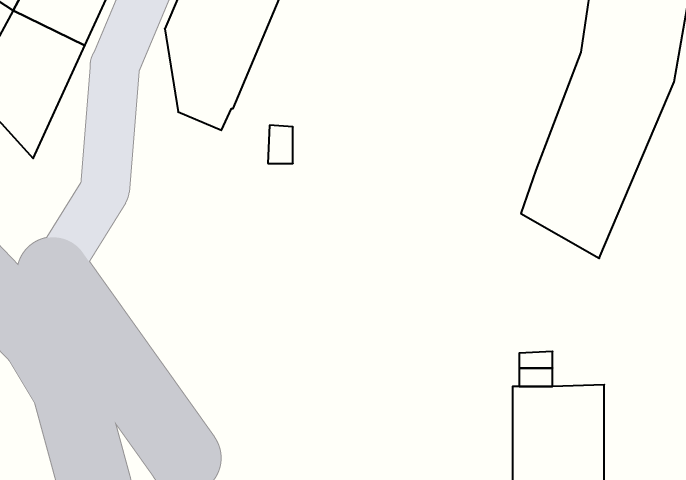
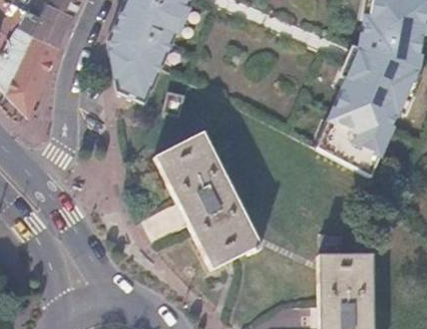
building: none -> [158,131,261,268]

